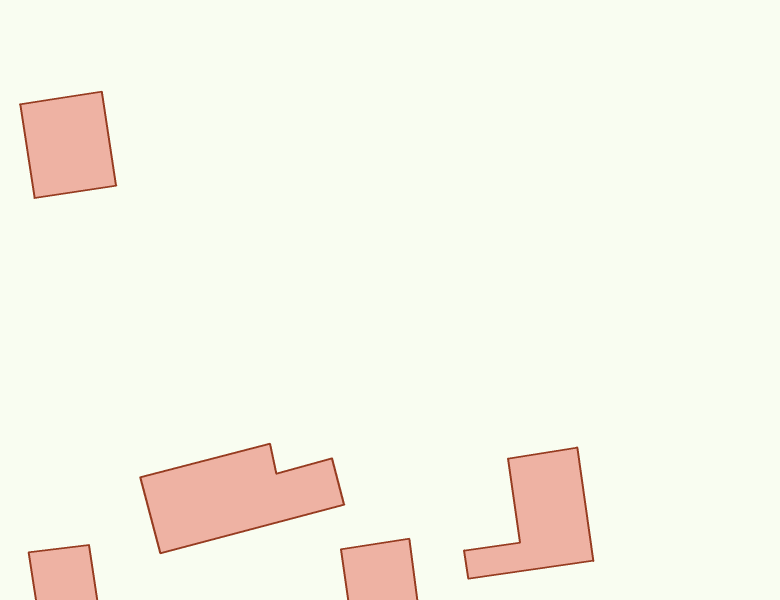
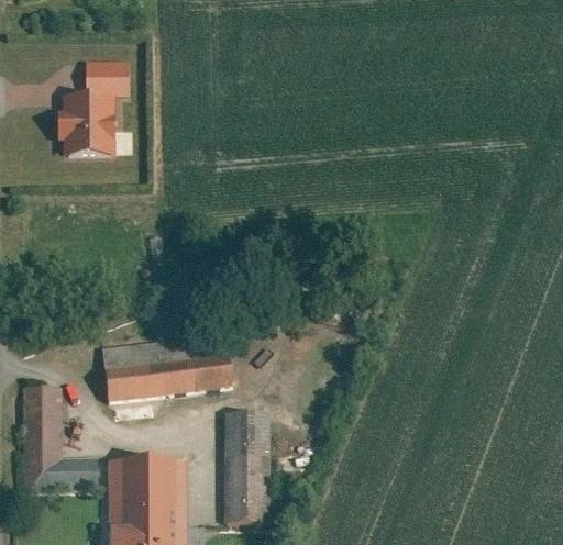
building: none -> [87,63,131,99]
building: [464,447,593,579] -> none

